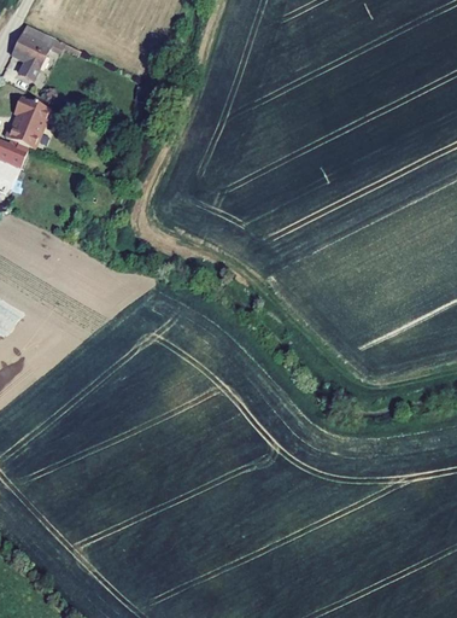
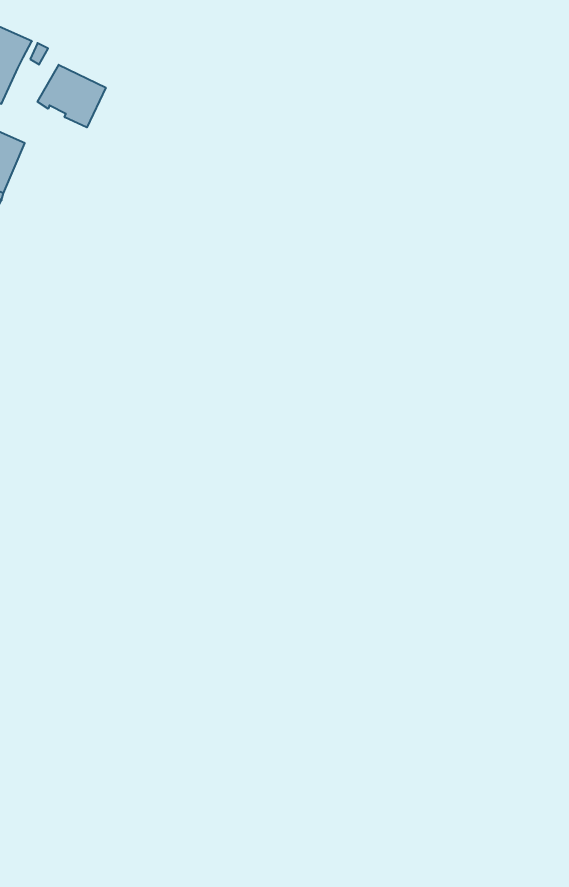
building: none -> [38,65,106,127]

